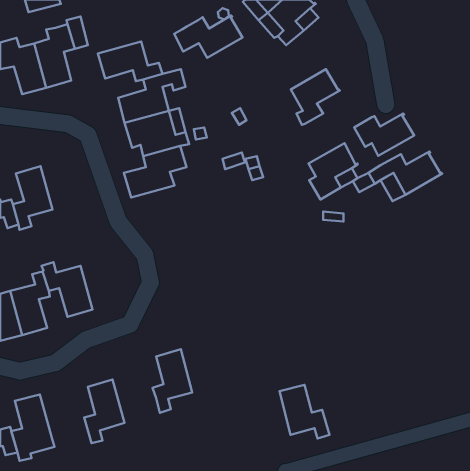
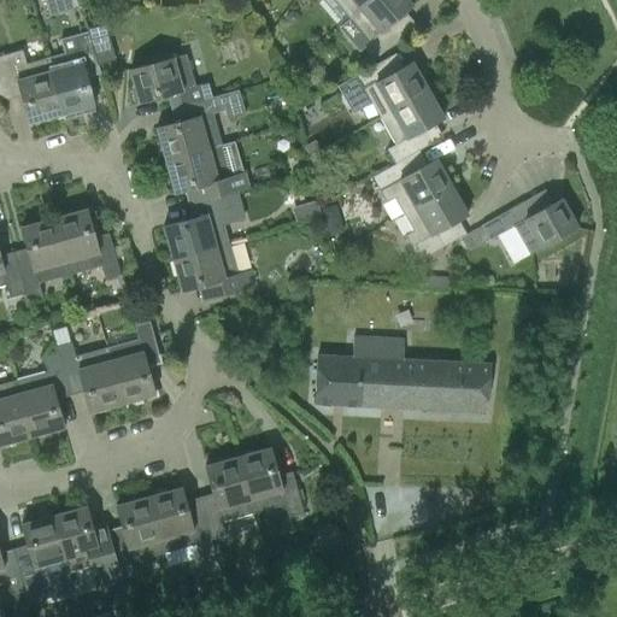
building: [174,15,242,58] -> [339,61,428,117]
building: [354,113,414,156] -> [374,158,452,213]
building: none -> [55,208,122,278]
building: none -> [174,242,255,300]
building: none -> [107,321,160,404]
building: none -> [316,335,492,411]
building: none -> [149,487,215,557]
building: [280,385,329,438] -> [239,447,304,517]
building: none -> [54,506,122,584]

